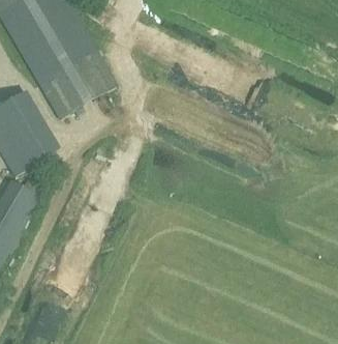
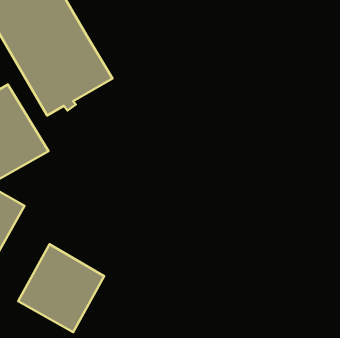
building: none -> [18,244,104,332]

